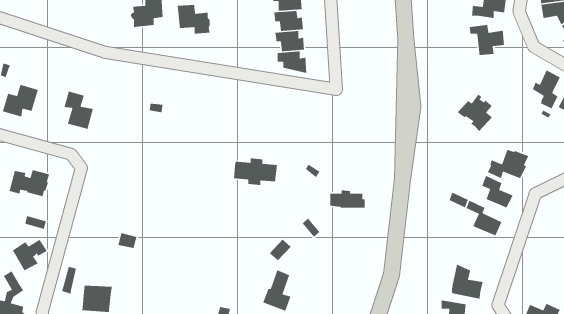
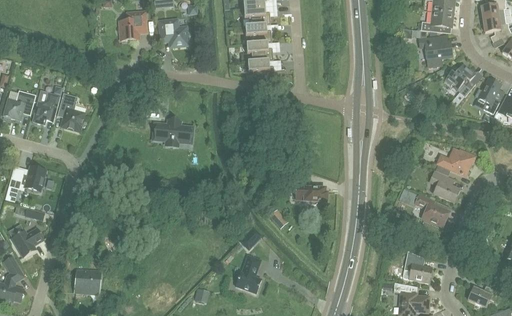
building: none -> [33,90,60,124]
building: [457,93,493,132] -> [444,62,476,96]
building: [233,158,278,186] -> [153,120,193,145]

